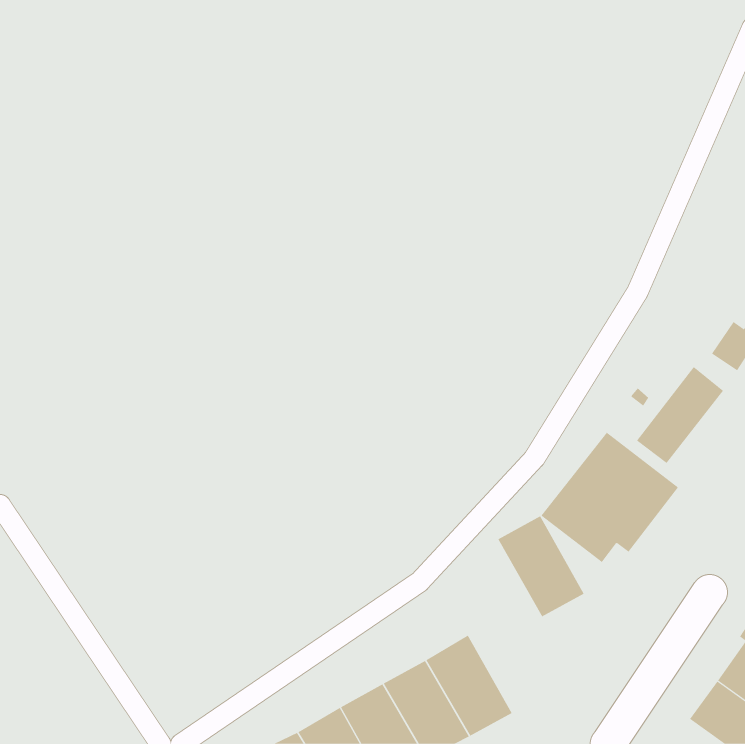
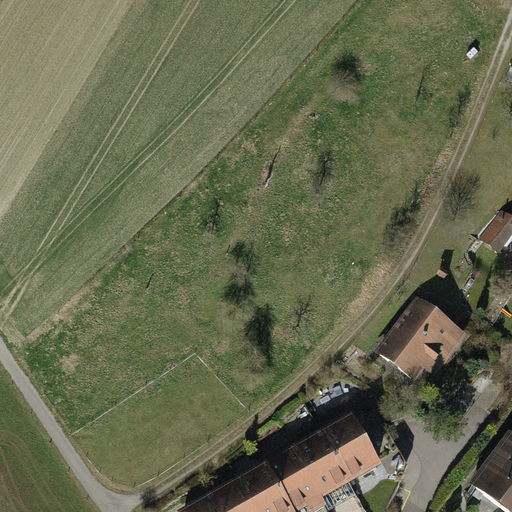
building: [636,366,724,464] -> none
building: [498,516,585,617] -> [323,415,382,484]

